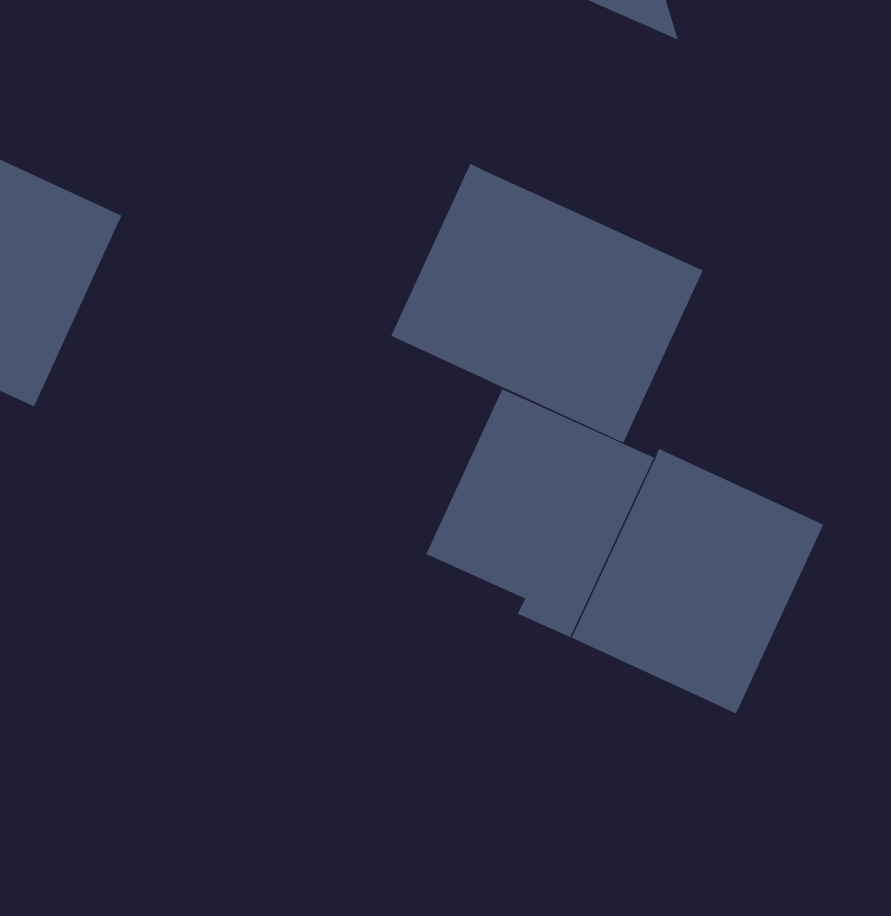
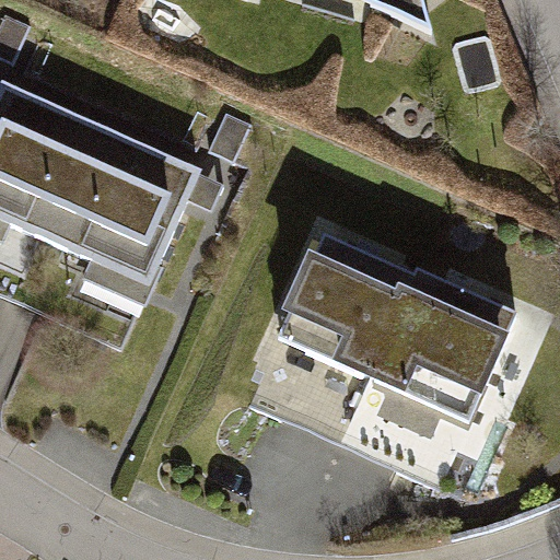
building: [390,163,703,443] -> none
building: none -> [48,128,200,289]

